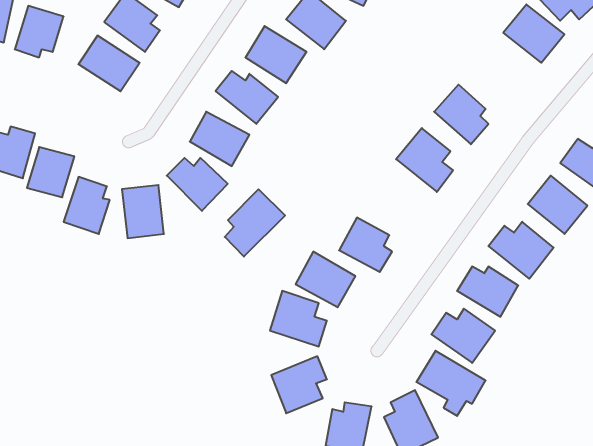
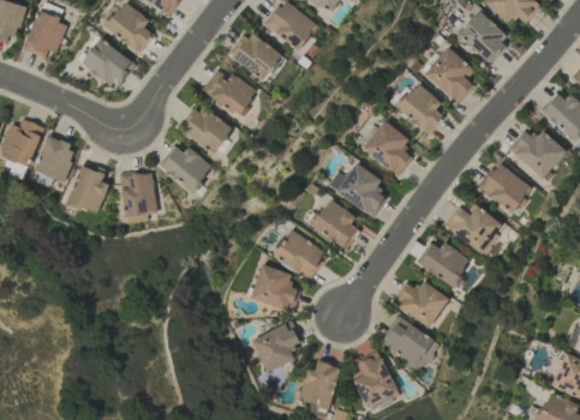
building: none -> [424,47,474,104]
building: none -> [335,163,387,218]
building: [225,189,285,257] -> none

